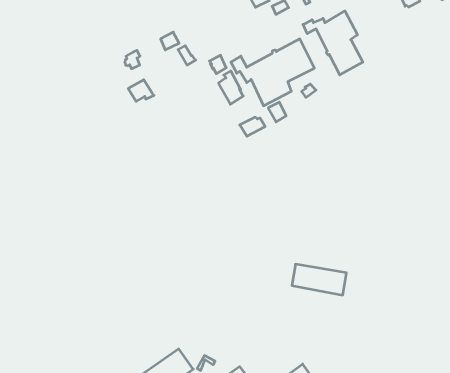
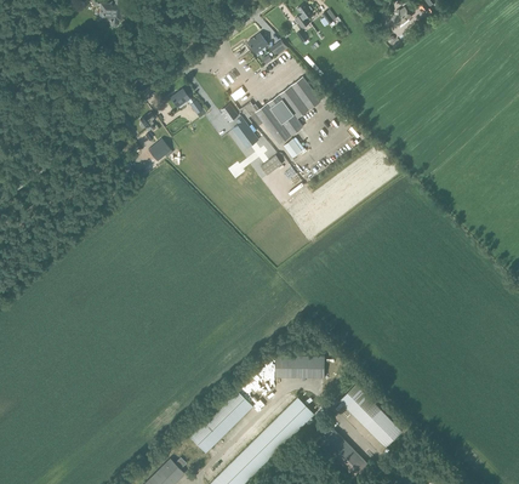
building: [303,11,363,75] -> none
building: [292,264,346,295] -> [274,358,324,380]

